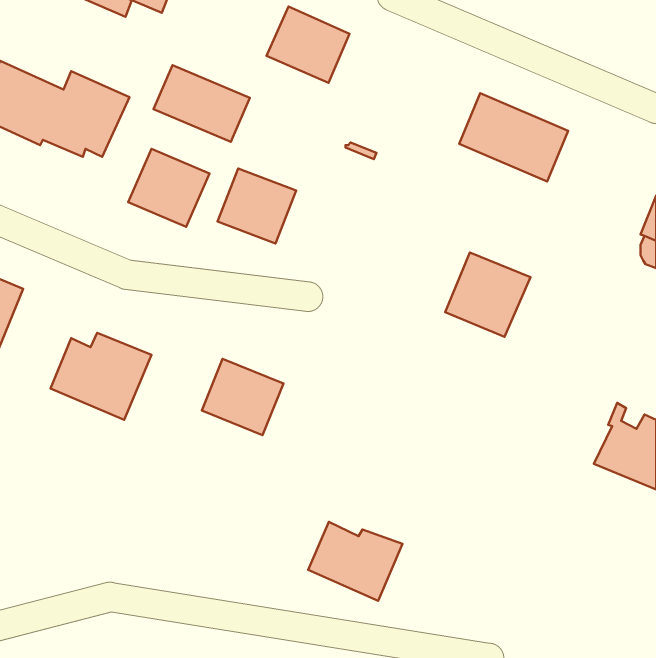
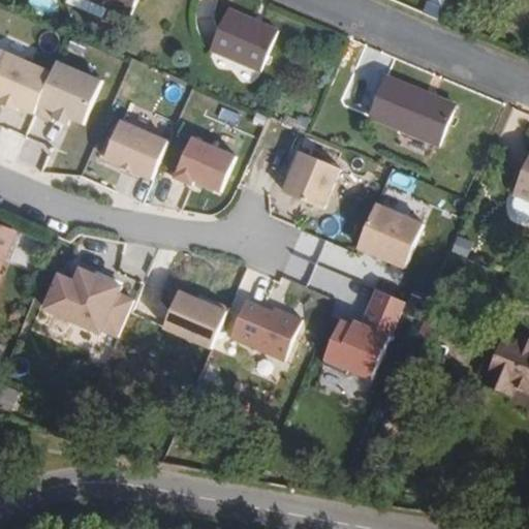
building: [154,65,250,142] -> none
building: none -> [280,149,341,210]
building: none -> [321,287,405,381]
building: [308,522,403,601] -> [227,298,303,361]

